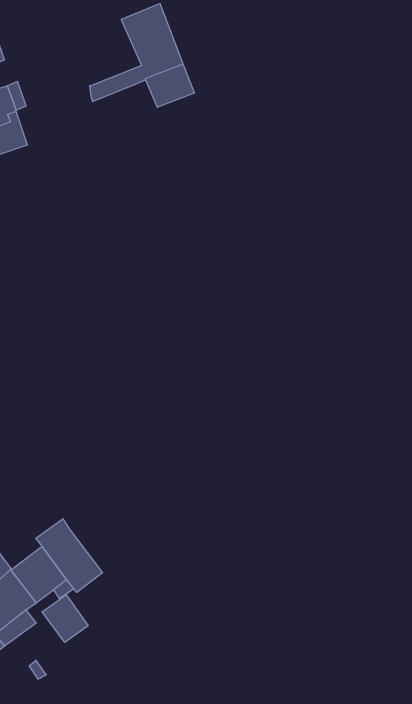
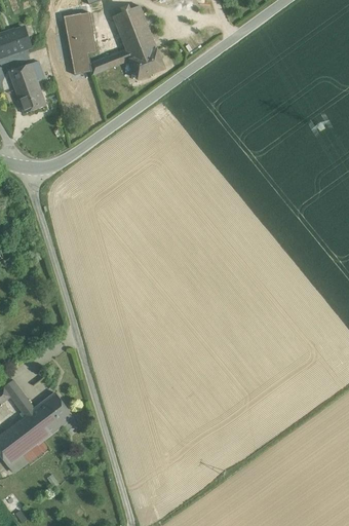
building: none -> [64,11,95,73]
building: [36,519,103,592] -> none
building: [42,594,88,642] -> none

